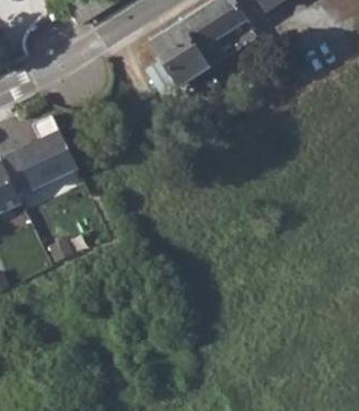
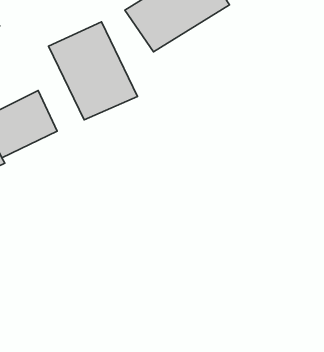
building: none -> [48,22,137,120]

